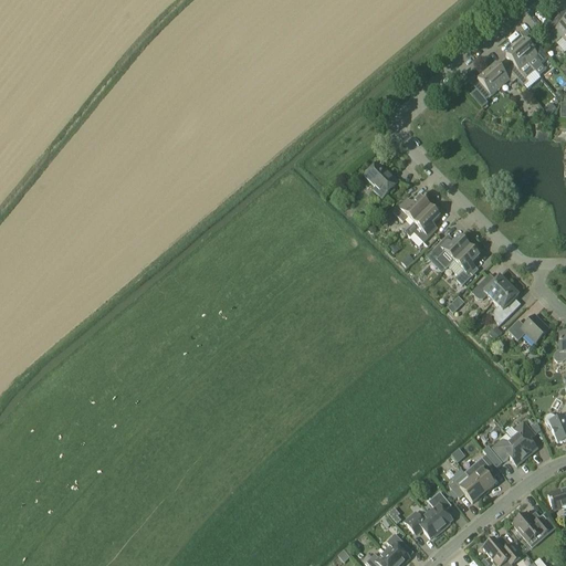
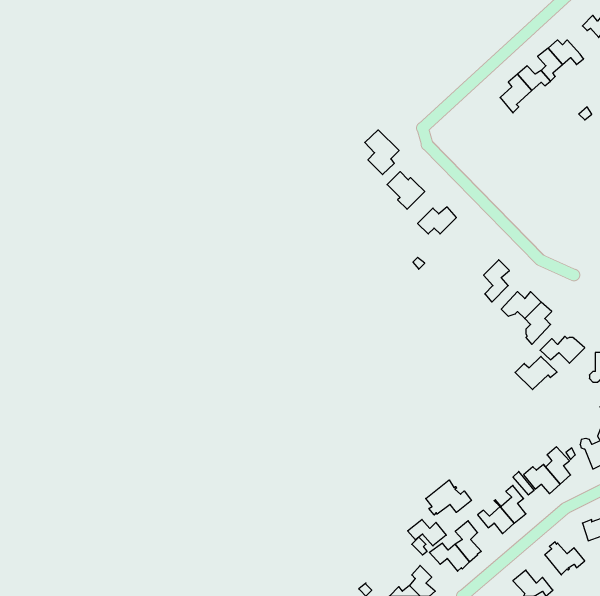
building: none -> [365,130,399,175]
building: [405,205,440,241] -> none
building: [432,234,470,260] -> none
building: none -> [515,356,557,390]
building: none -> [426,480,471,515]
building: none -> [408,519,446,546]

